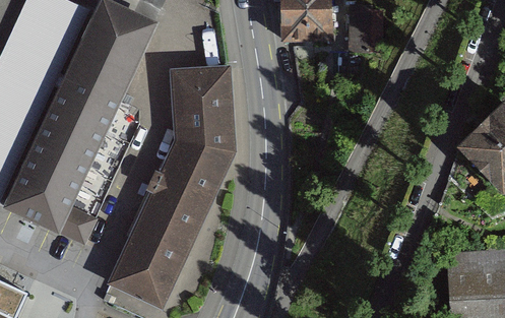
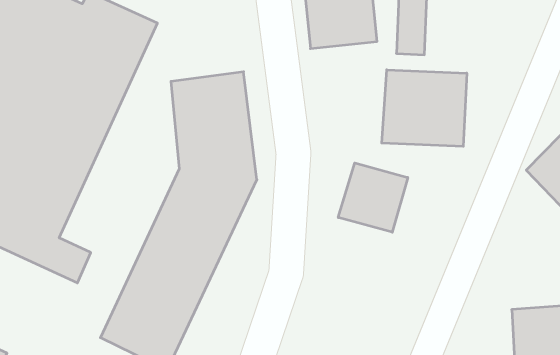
building: none -> [382,70,467,146]
building: none -> [338,163,408,232]

